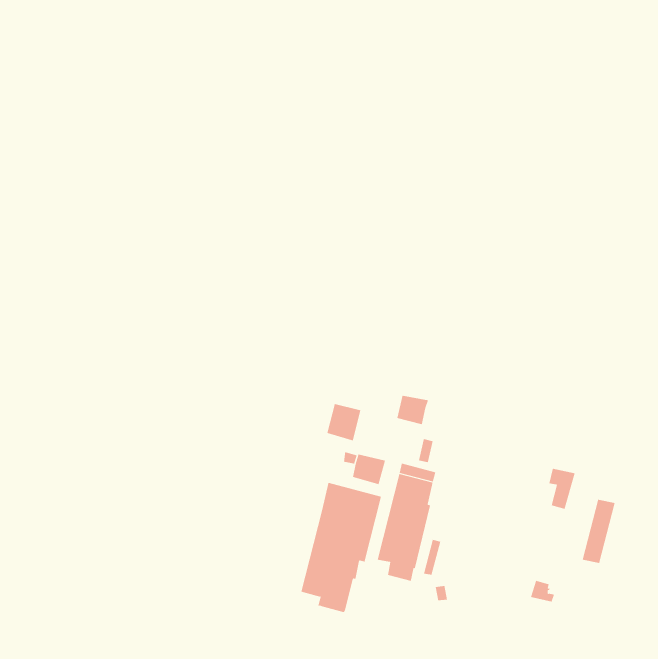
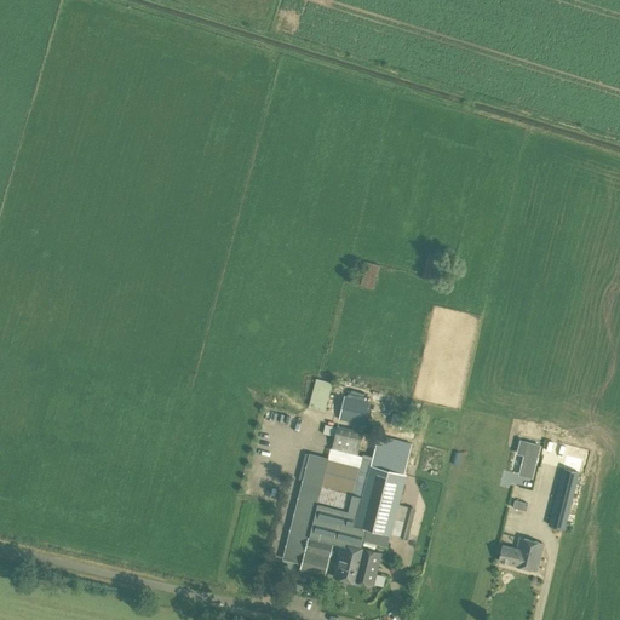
building: [397,395,429,425] -> [338,396,368,424]
building: none -> [515,538,542,570]
building: none -> [333,542,379,585]

